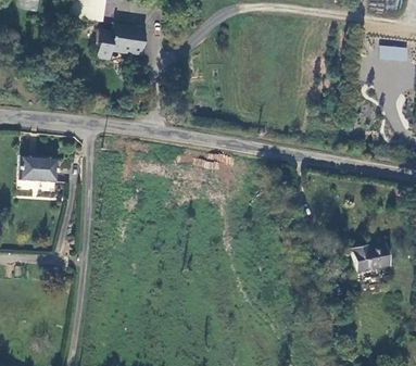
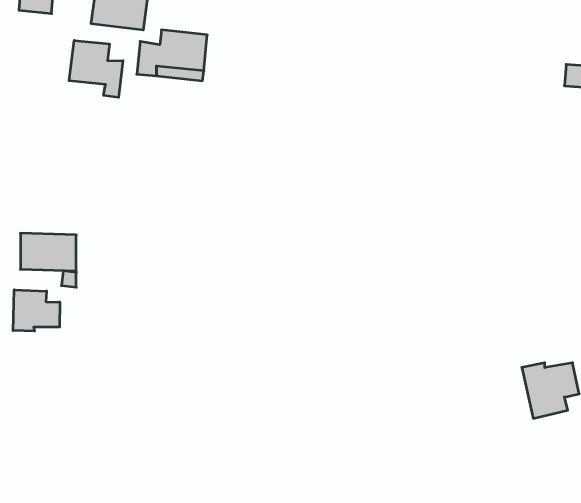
building: none -> [69,40,123,97]
building: none -> [13,290,60,331]

